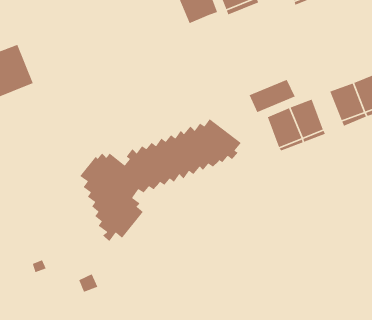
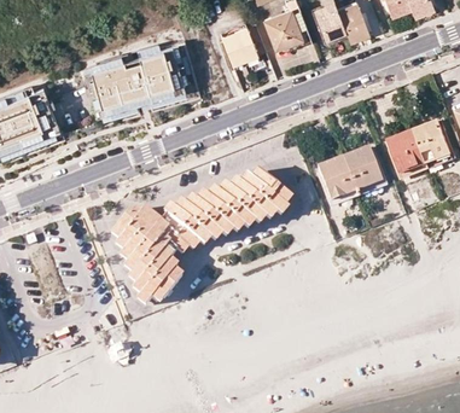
building: none -> [78,41,186,115]
building: [249,79,296,113] -> none

